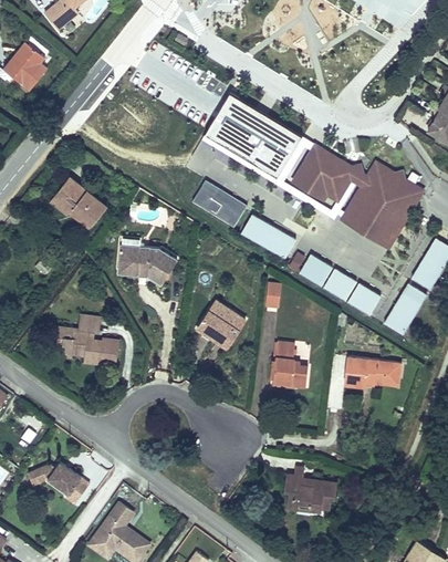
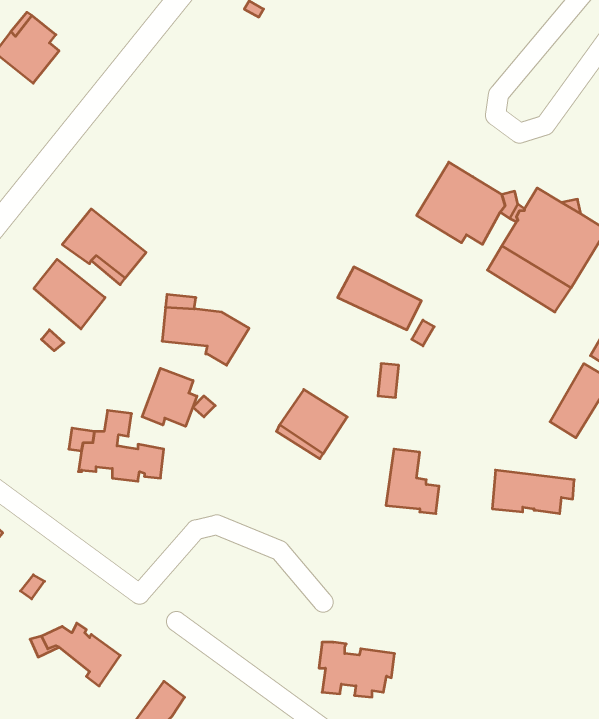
building: [206,92,303,177] -> none
building: [192,179,248,227] -> none
building: none -> [34,259,105,329]
building: [298,256,382,316] -> none
building: none -> [142,368,197,426]
building: [285,475,337,512] -> [319,642,395,697]

